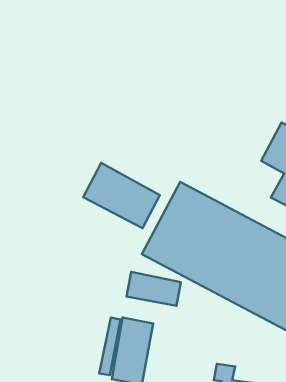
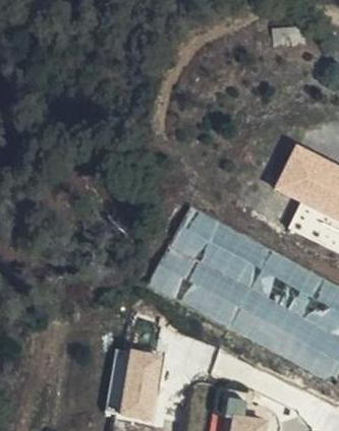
building: [83,163,160,228] -> none
building: [126,272,181,306] -> none

